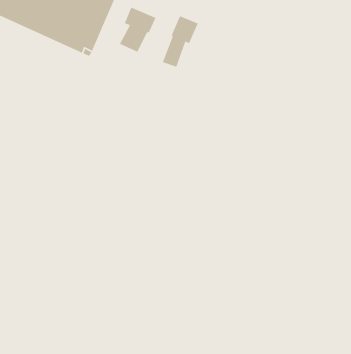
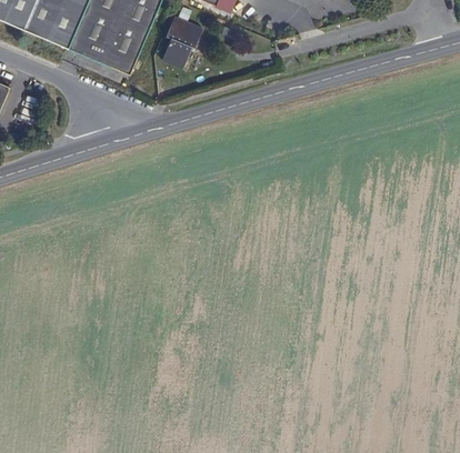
building: [162,15,199,68] -> none

